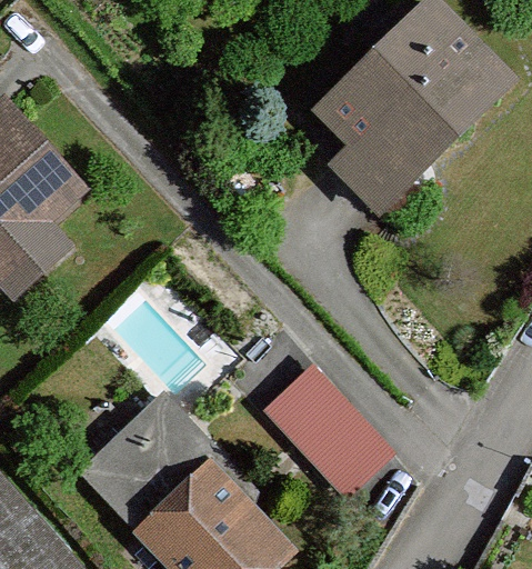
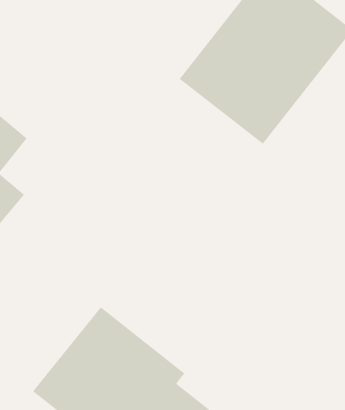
building: [259,368,392,503] -> none

